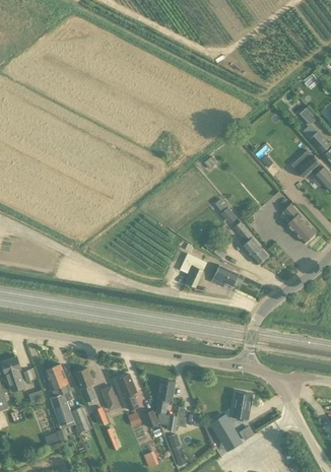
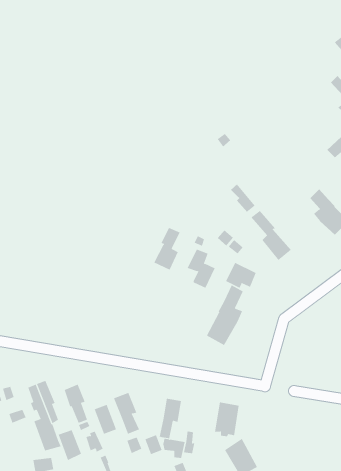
building: none -> [153,227,181,270]
building: none -> [206,284,244,346]
building: [231,391,253,420] -> [214,402,240,437]

